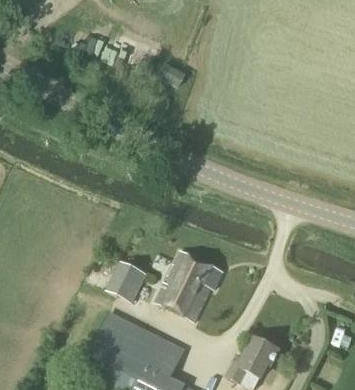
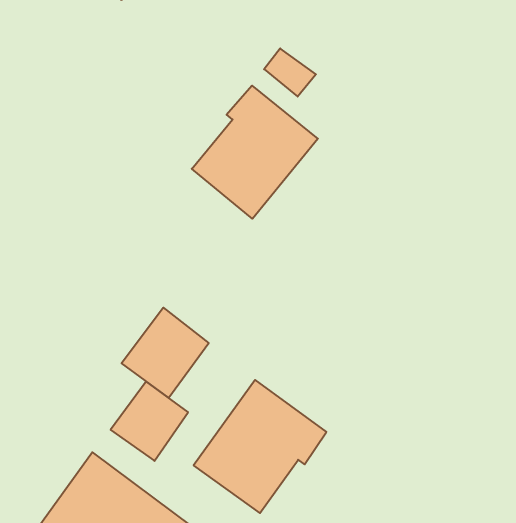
building: none -> [192,86,318,219]
building: none -> [122,308,209,398]

